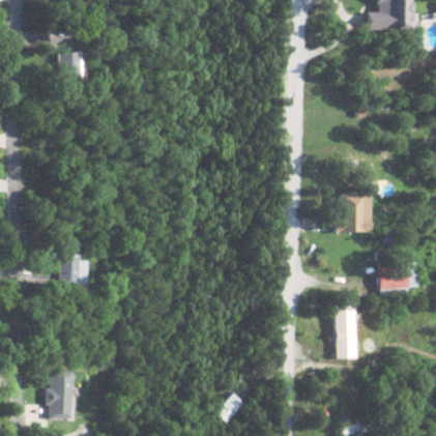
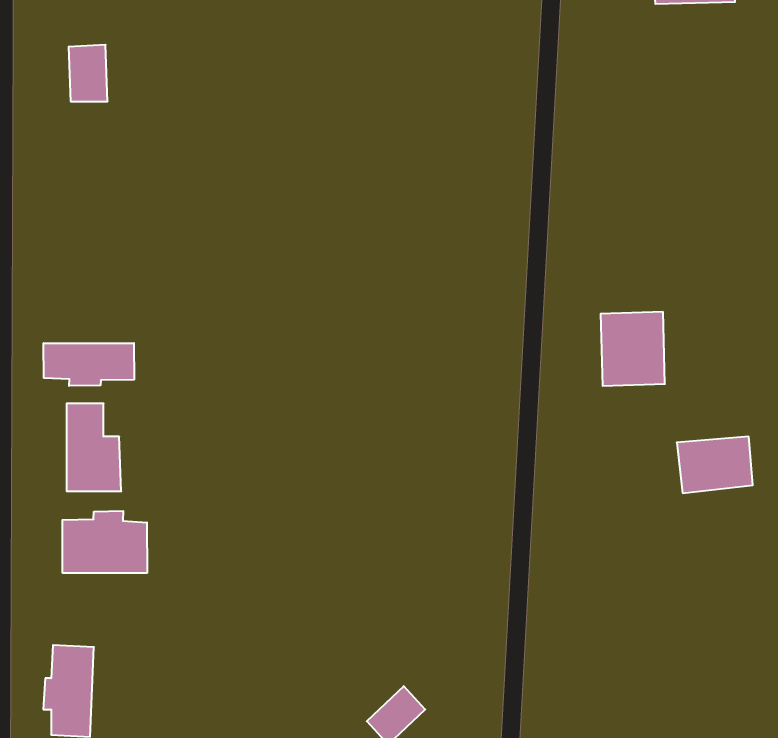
building: none -> [44,343,134,386]
building: none -> [62,511,147,573]
building: [337,306,358,358] -> none

